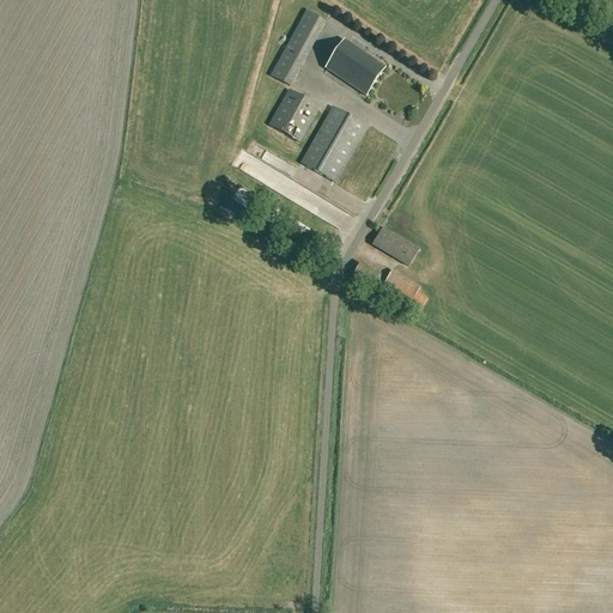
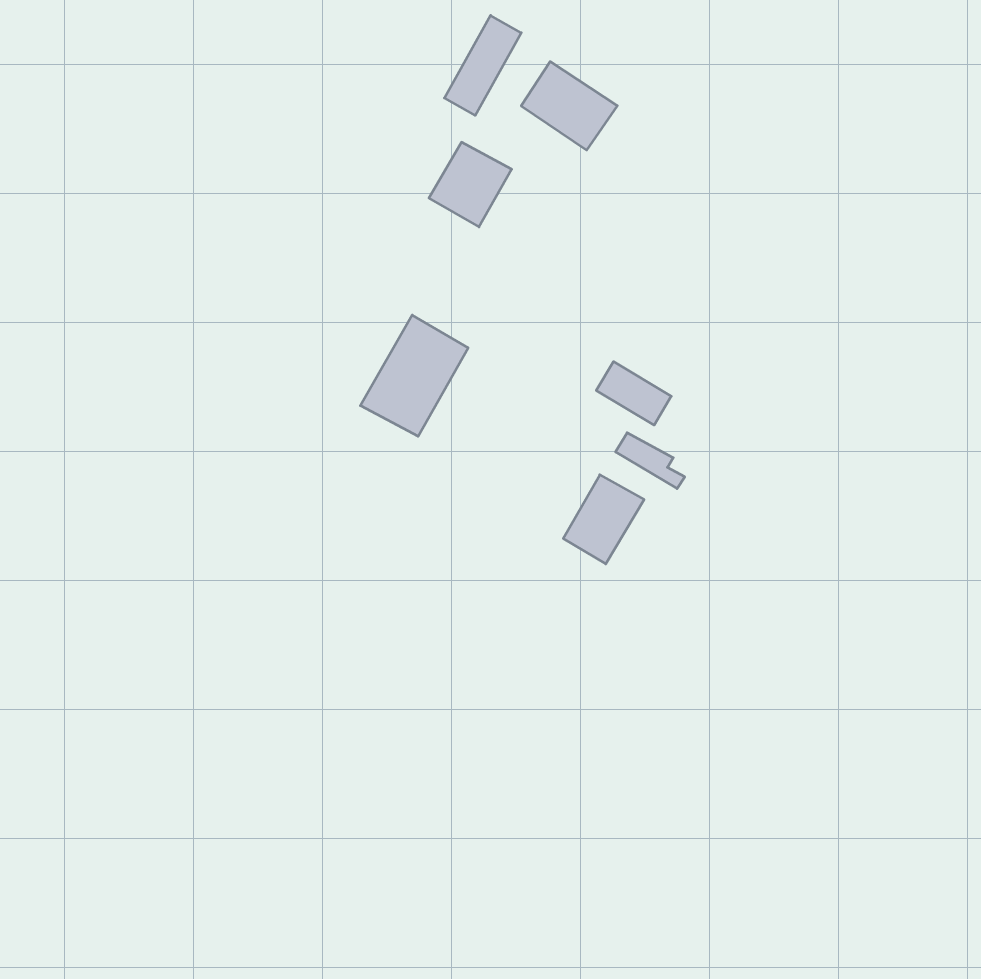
building: [299,105,366,181] -> [360,315,468,436]
building: none -> [563,475,644,564]

